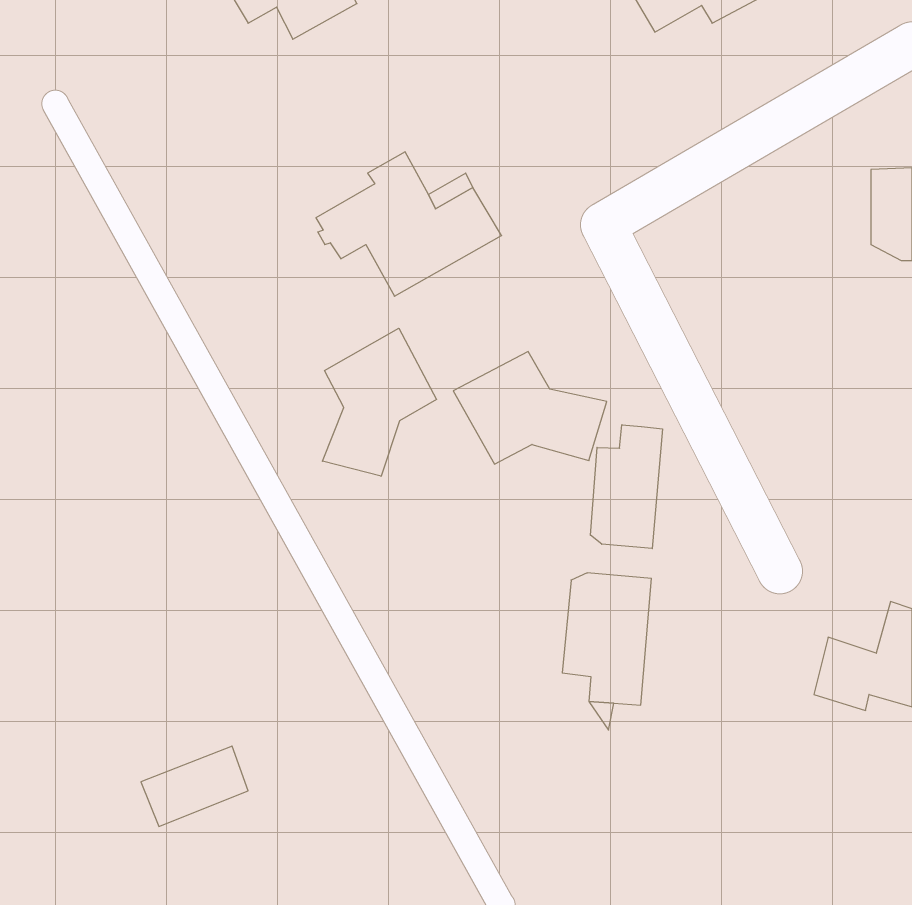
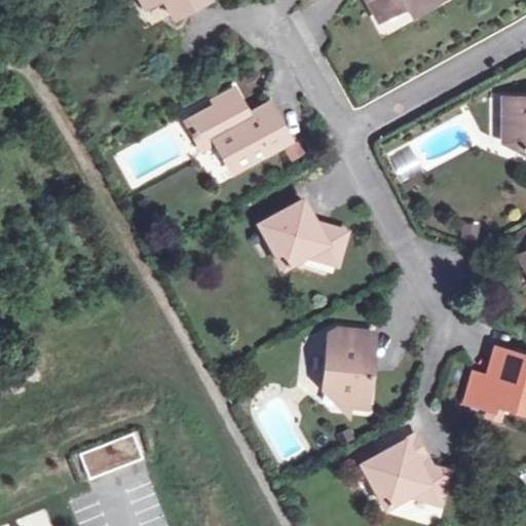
building: [322,328,437,476] -> none
building: [590,425,662,549] -> none
building: none -> [367,436,457,511]

